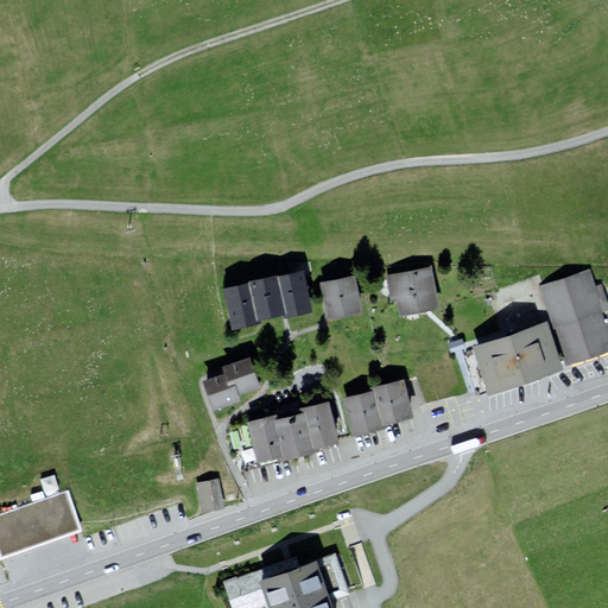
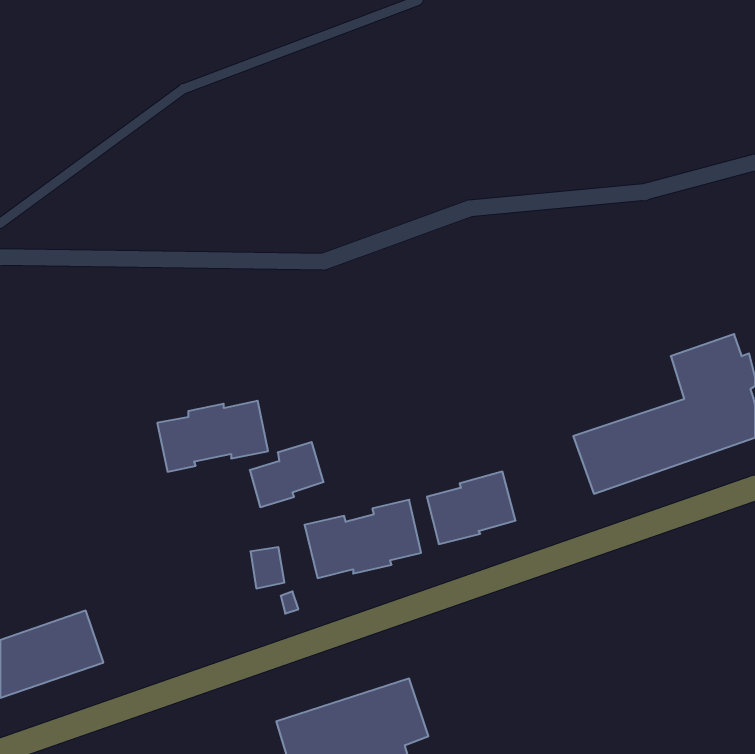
building: [384,265,436,314] -> none
building: [220,267,309,324] -> [157,401,268,472]
building: [317,273,359,316] -> none
building: [196,480,223,513] -> [250,547,284,588]

